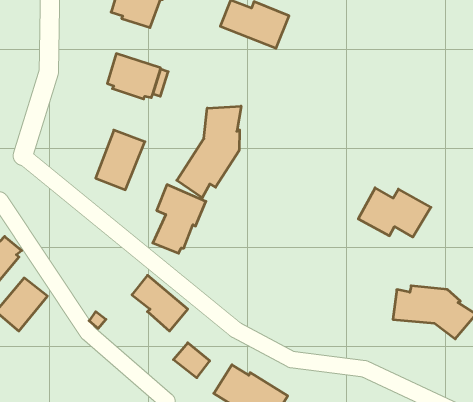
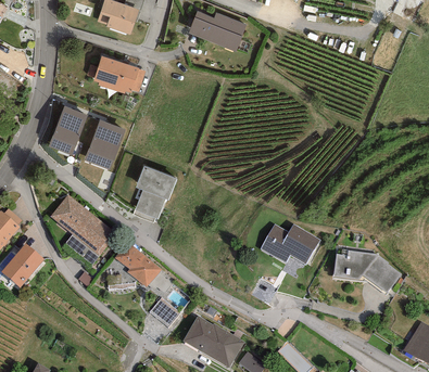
building: [177,106,241,198] -> none
building: none -> [48,105,87,154]
building: [358,188,431,237] -> [260,222,320,264]
building: none -> [50,193,116,264]

